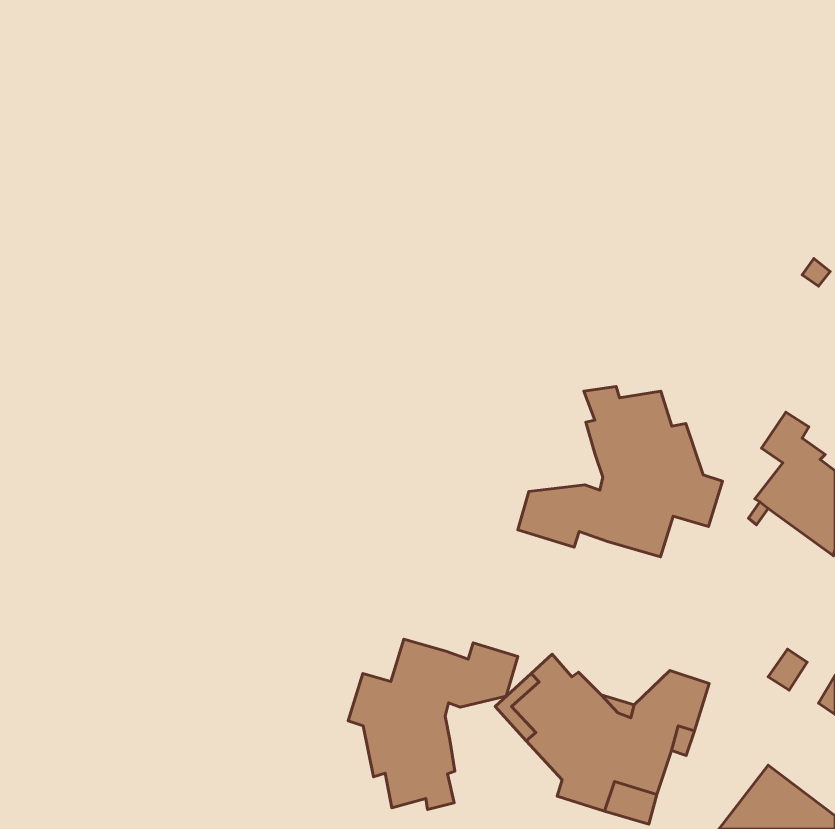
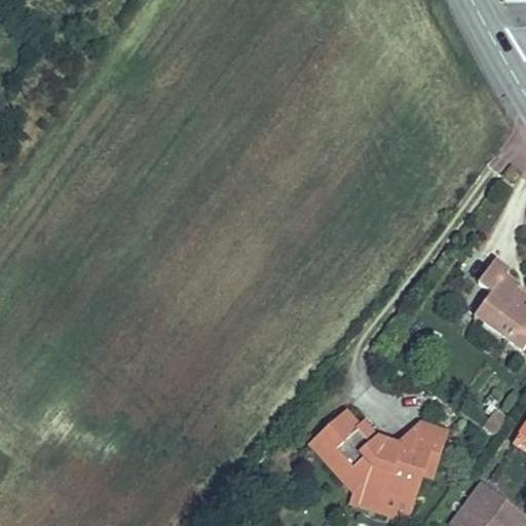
building: [518,387,722,557] -> none
building: [348,639,518,810] -> none

